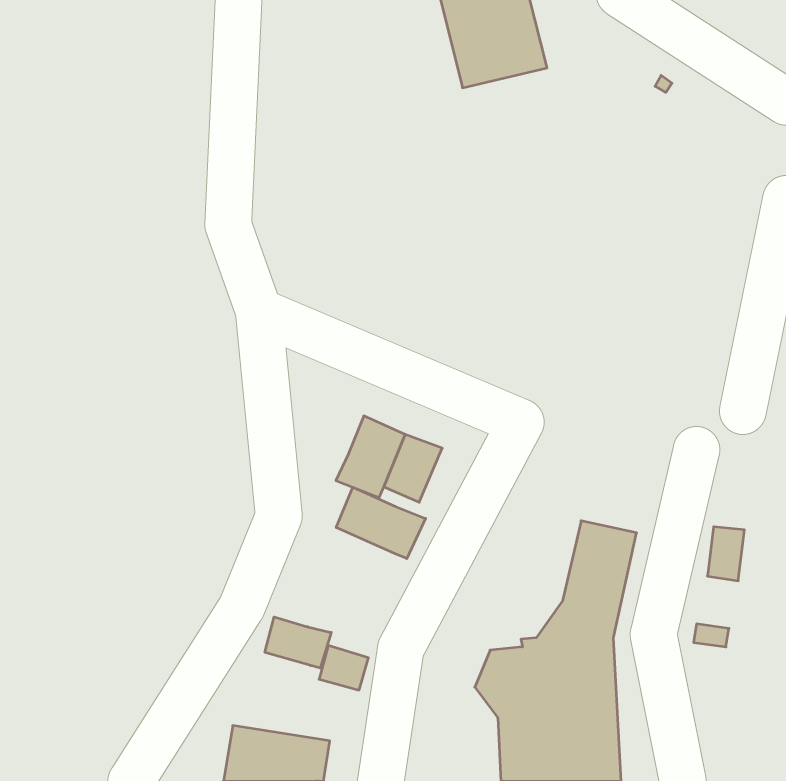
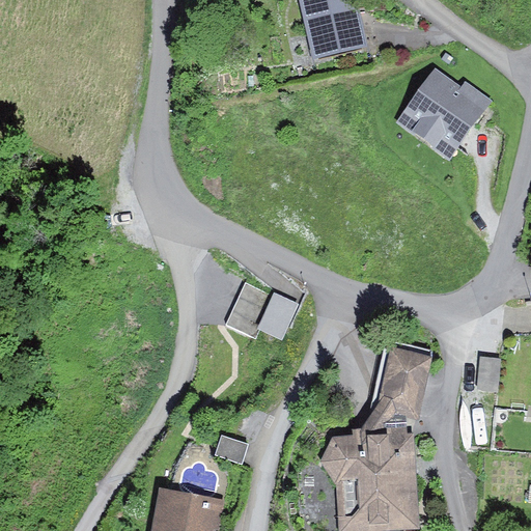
building: none -> [397,69,495,161]
building: [336,487,426,559] -> none
building: [265,617,331,668] -> none

